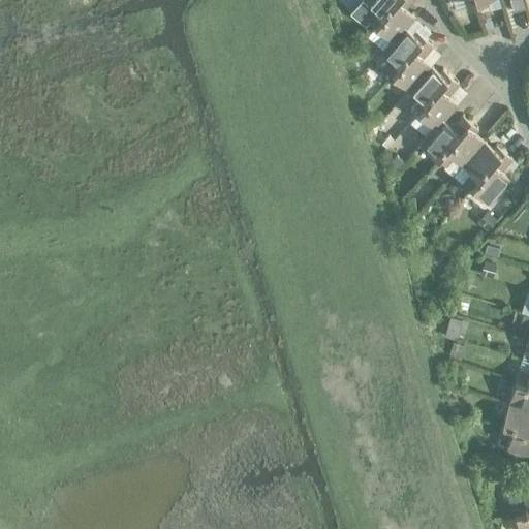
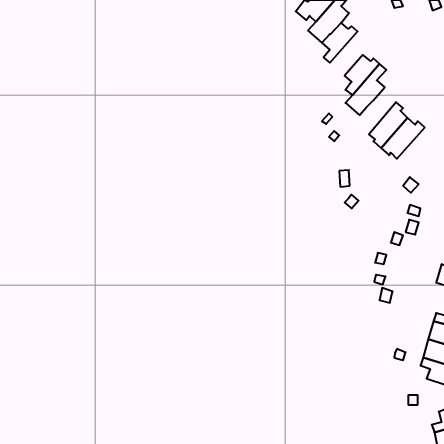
building: [393,39,433,92] -> none
building: [422,117,471,161] -> none
building: [472,153,512,205] -> none

